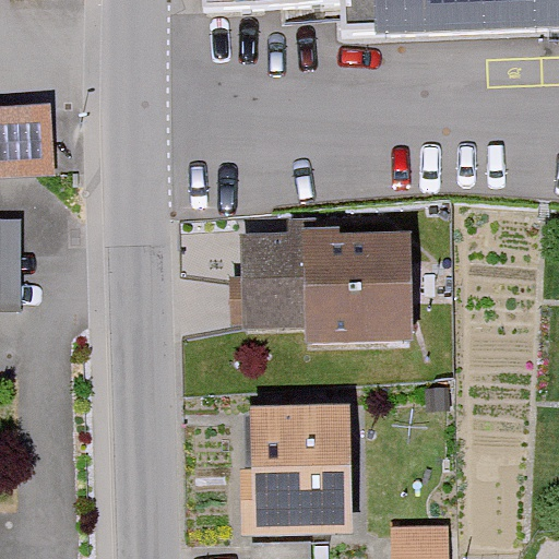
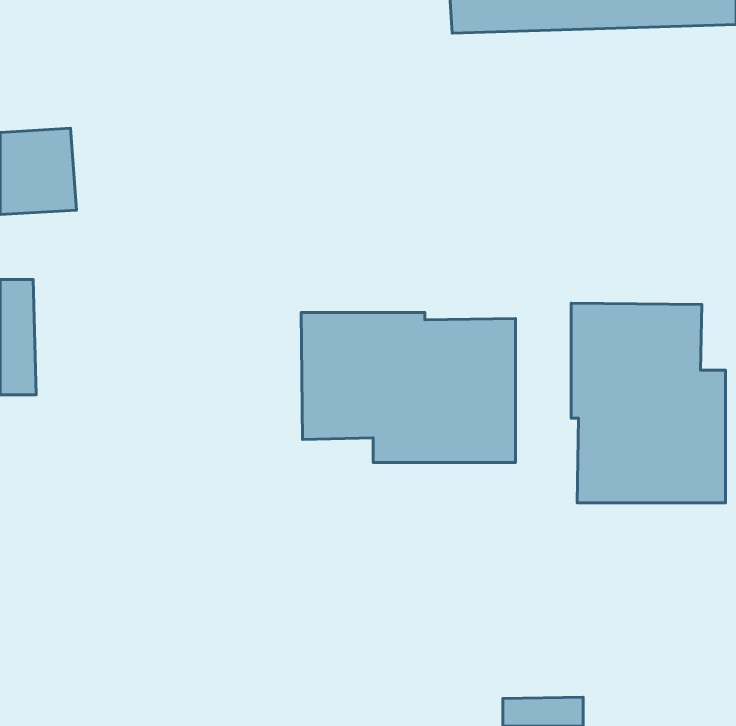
building: none -> [571,303,726,503]
building: [242,395,349,528] -> none

